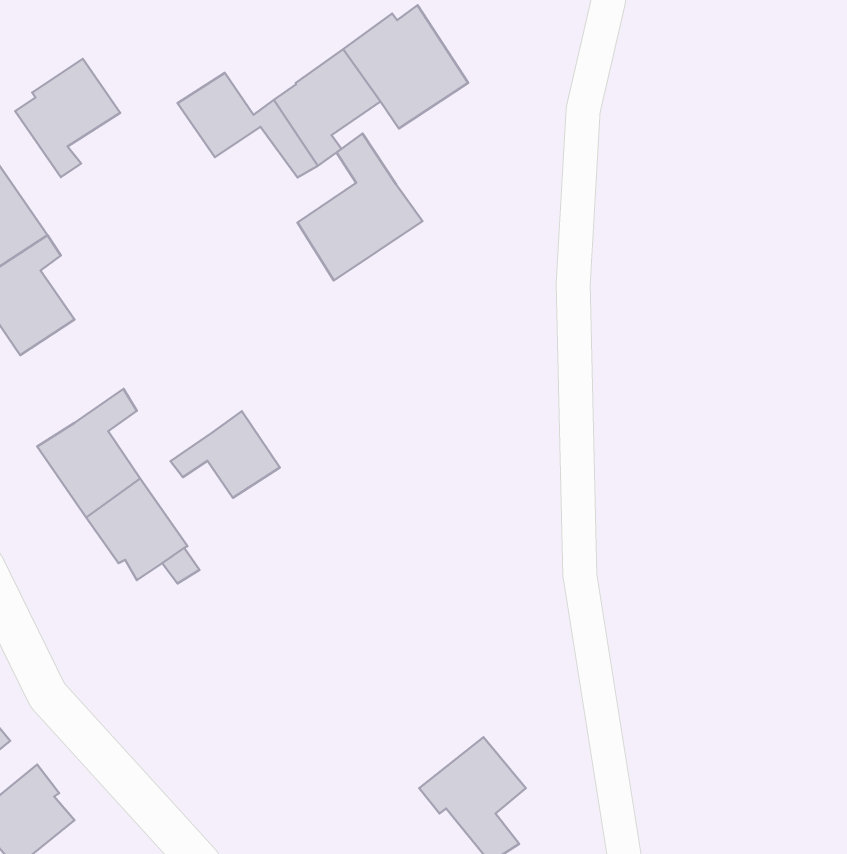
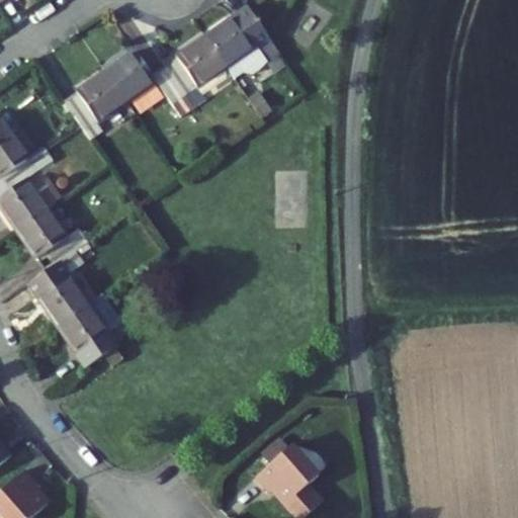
building: [15,59,120,177] -> [66,68,128,139]
building: [298,134,423,280] -> none
building: none -> [12,197,74,259]
building: [170,411,280,498] -> none

